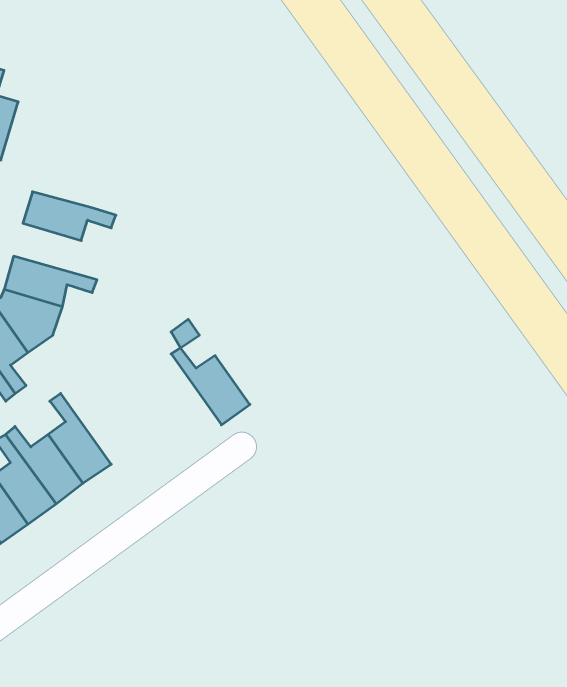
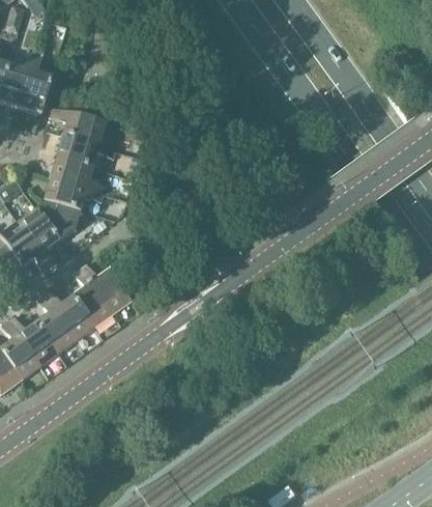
building: none -> [50,106,107,144]
building: none -> [50,154,107,192]
building: [171,348,250,425] -> [81,262,133,313]

